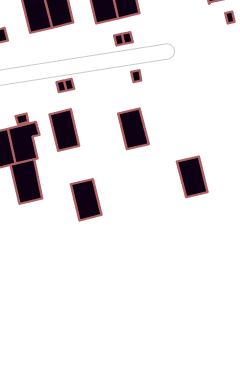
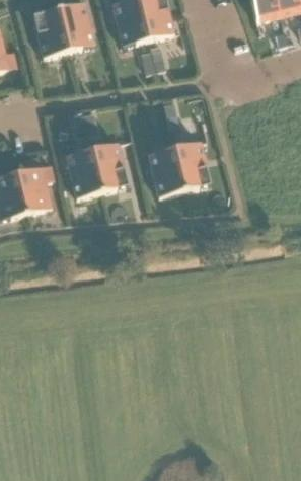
building: [177,156,207,197] -> [173,140,210,188]
building: [10,159,42,204] -> none
building: [71,179,101,221] -> [91,141,128,190]

